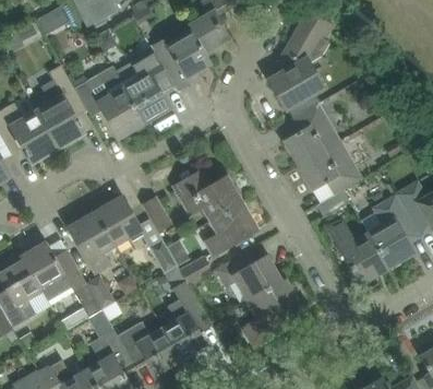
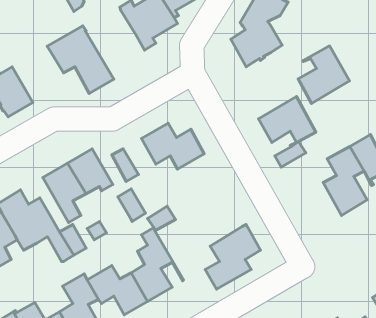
building: [113,48,169,121] -> none
building: [36,64,84,146] -> none
building: [284,103,338,164] -> [298,46,349,103]
building: [206,201,256,252] -> none
building: [330,223,386,282] -> none
building: [214,248,280,299] -> none

